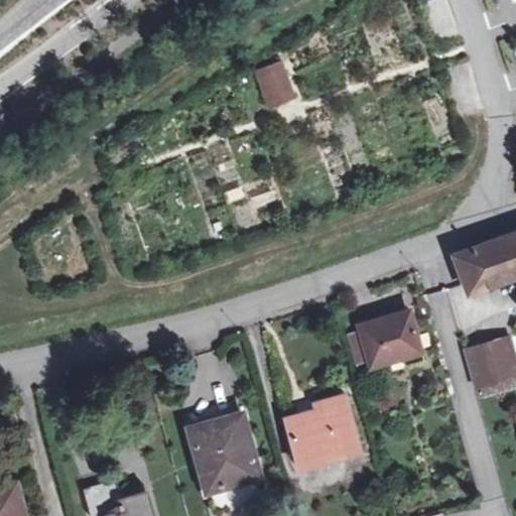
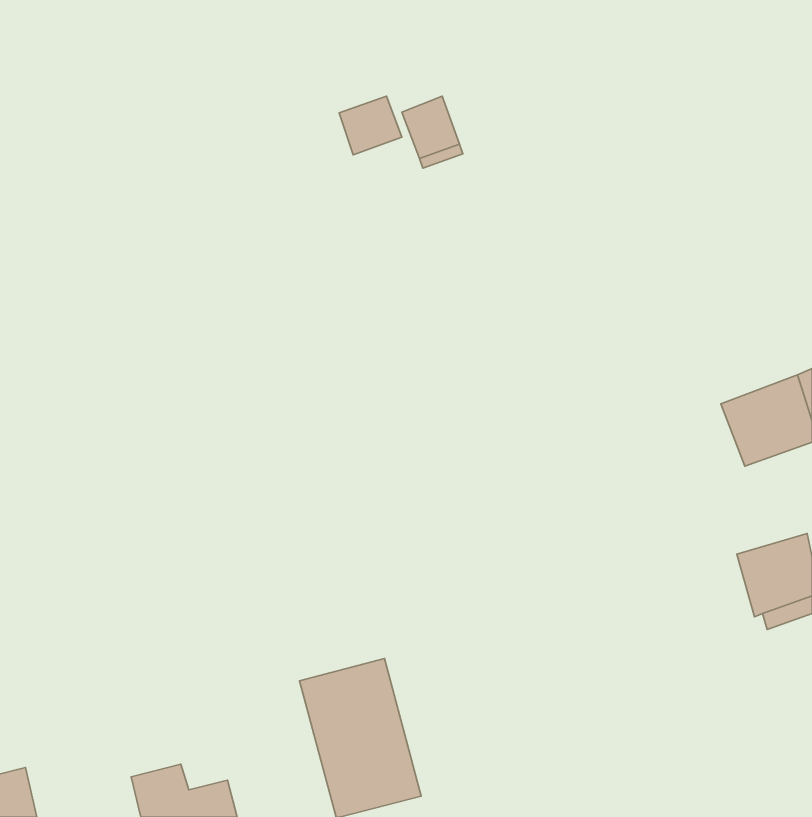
building: none -> [339,96,402,155]
building: [358,311,419,367] -> none
building: [285,395,361,467] -> none

